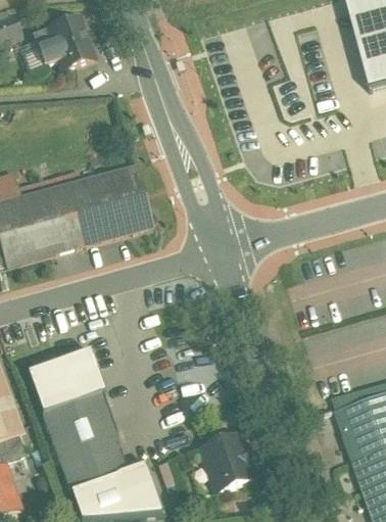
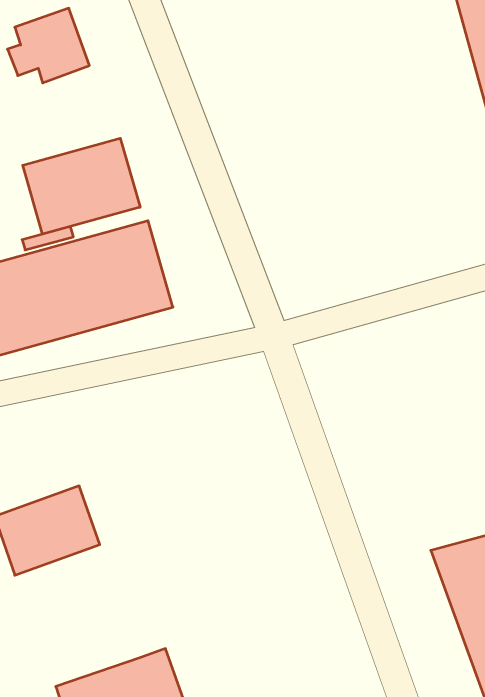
building: none -> [23,138,140,234]
building: [42,391,130,490] -> none
building: [204,434,256,489] -> none

